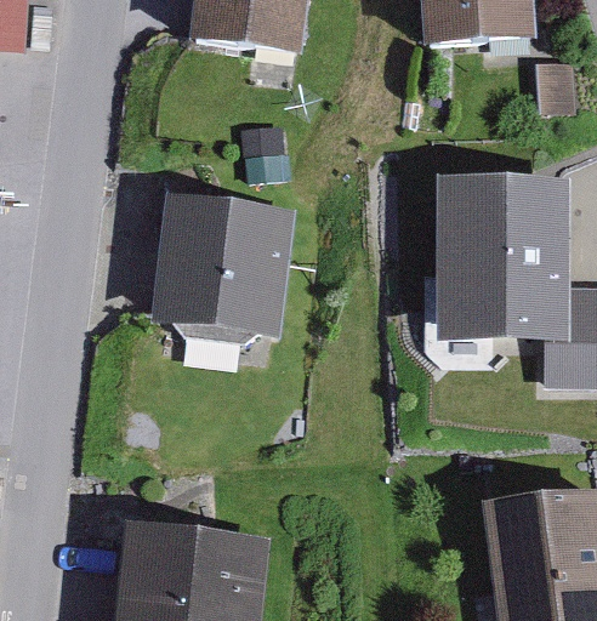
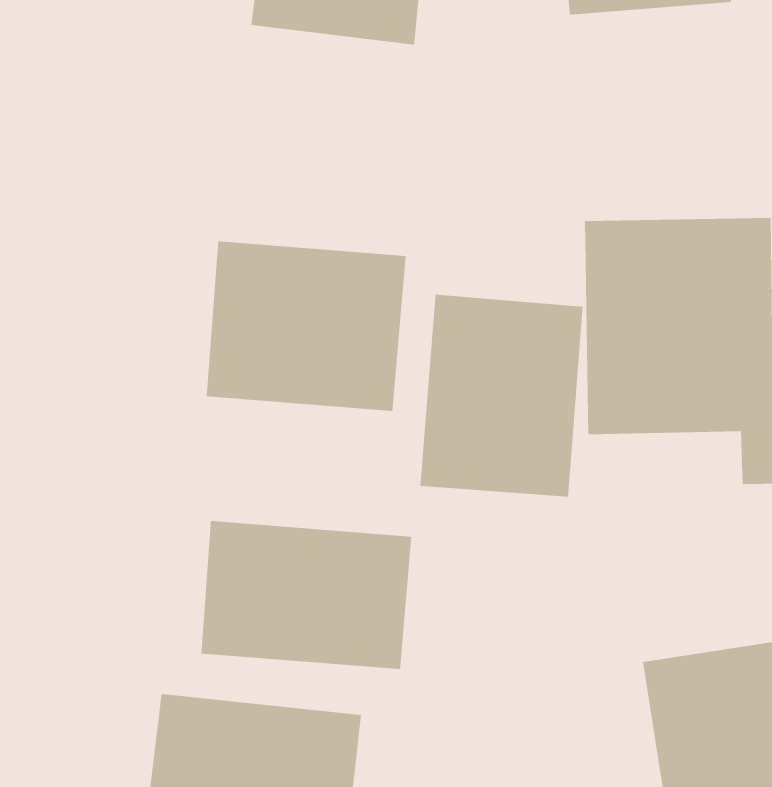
building: none -> [420,294,583,497]
building: none -> [201,520,412,670]

